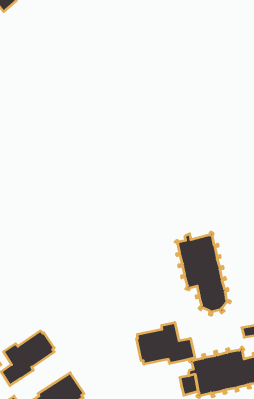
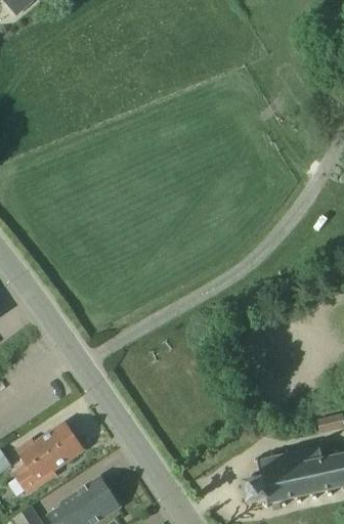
building: [175,232,230,315] -> none
building: [137,322,195,364] -> none

